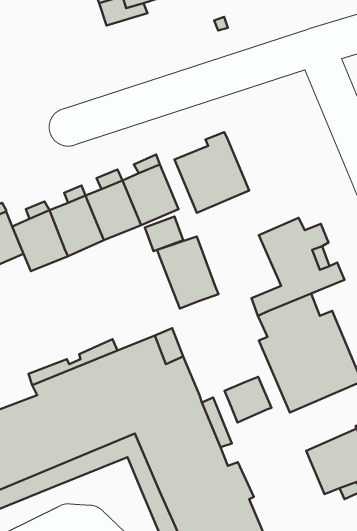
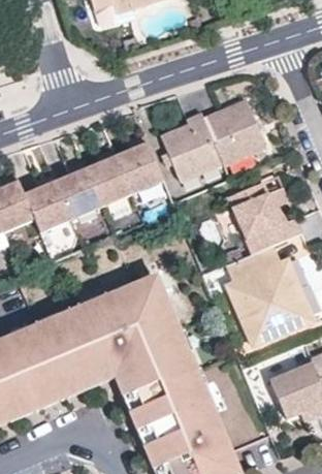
building: none -> [202,100,265,165]
building: [157,236,218,309] -> none
building: [225,377,272,423] -> none

